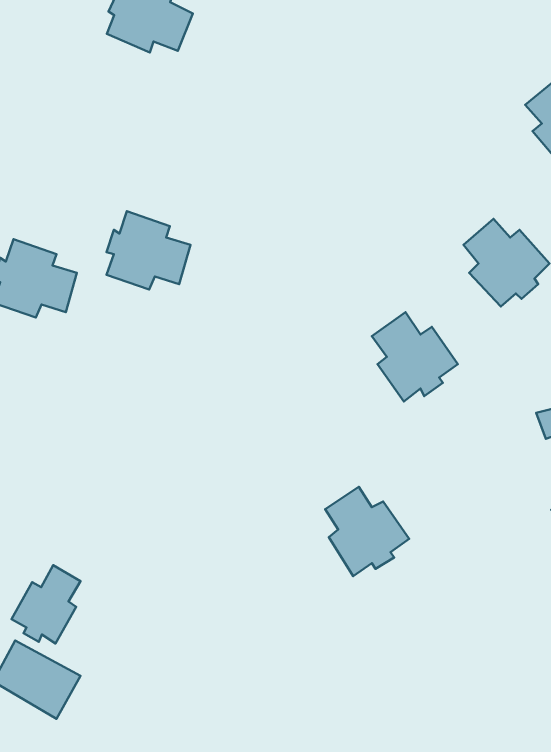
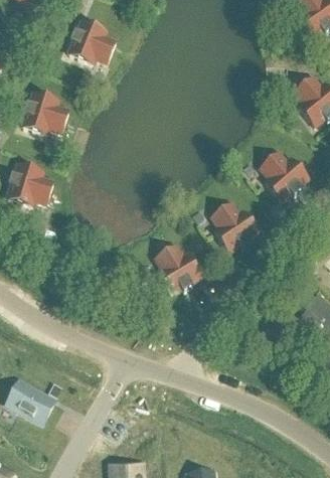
building: [106,211,190,290] -> [22,92,67,134]
building: [325,487,409,576] -> [156,245,201,293]
building: [11,565,80,643] -> none

